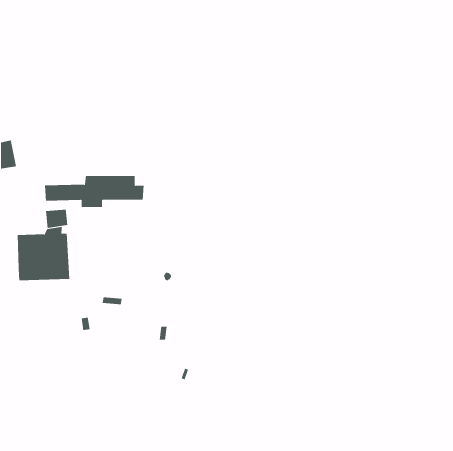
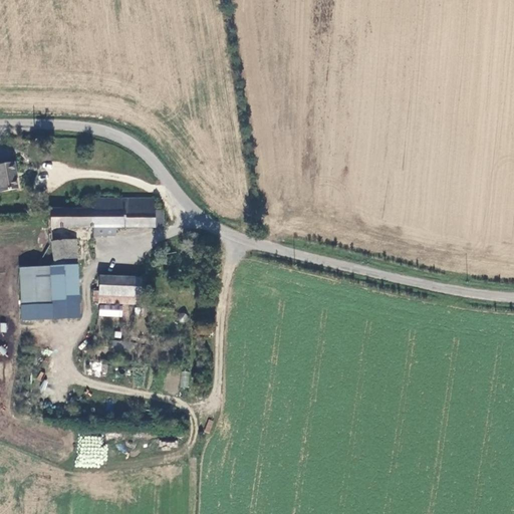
building: none -> [92,274,140,315]

